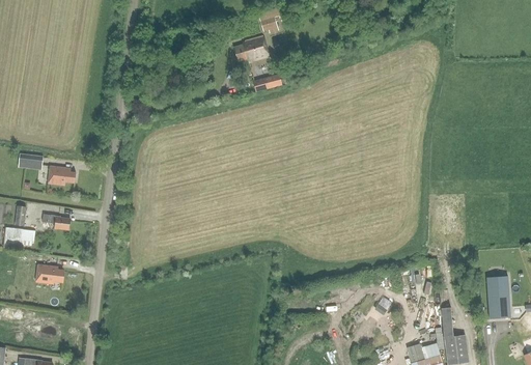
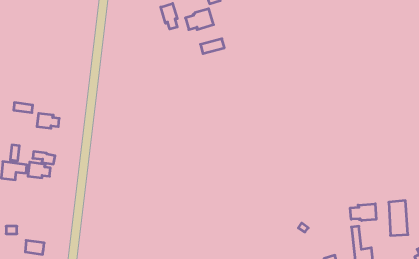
building: none -> [161,3,177,29]
building: [35,263,63,283] -> [28,162,50,178]
building: none -> [350,204,376,221]

